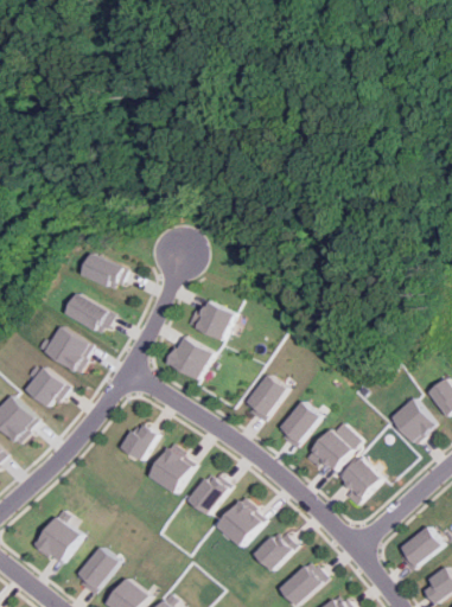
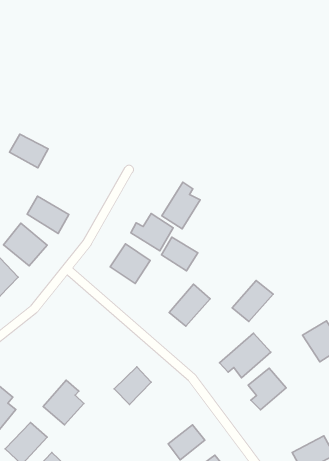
building: [87,254,129,289] -> [9,134,48,168]
building: none -> [162,182,200,229]
building: none -> [162,237,198,271]
building: [272,401,316,447] -> [232,281,273,321]
building: [121,422,155,460] -> none
building: [147,443,192,493] -> [43,380,84,425]
building: [215,500,261,547] -> none

